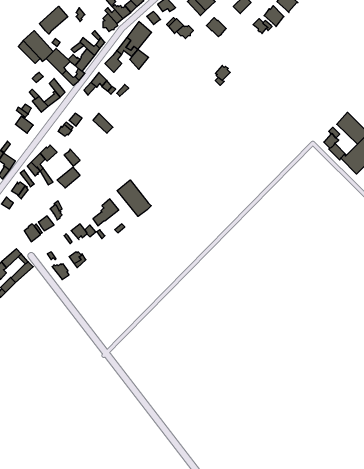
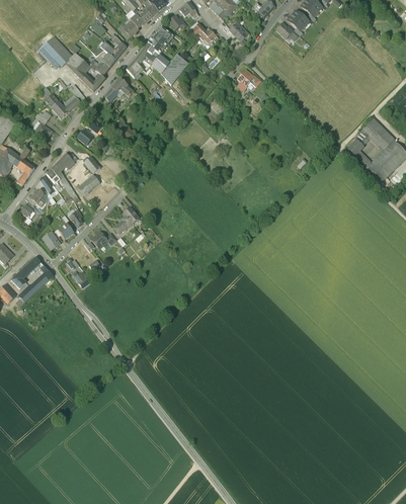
building: [39,6,68,34] -> none
building: none -> [160,55,187,85]
building: [117,180,151,216] -> none

